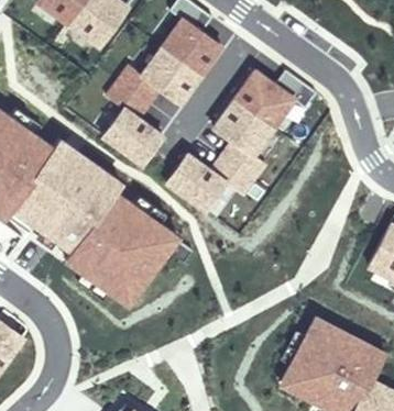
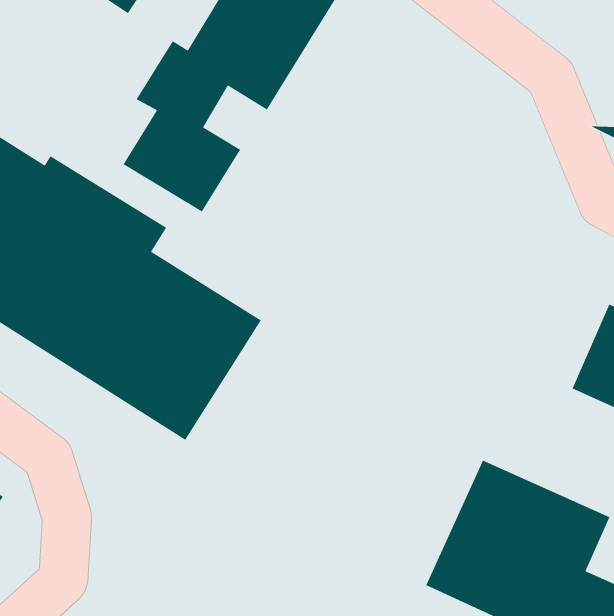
building: [162,68,297,215] -> none

